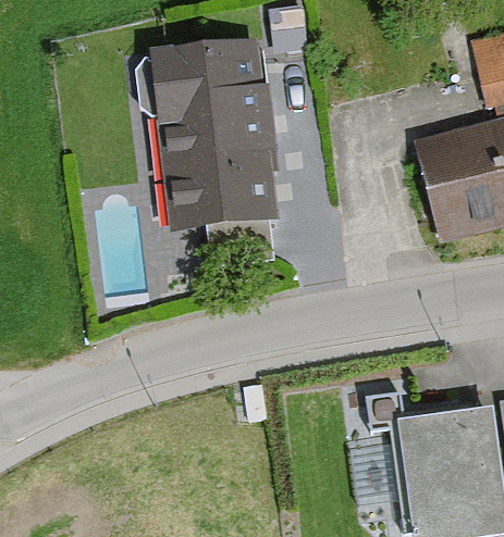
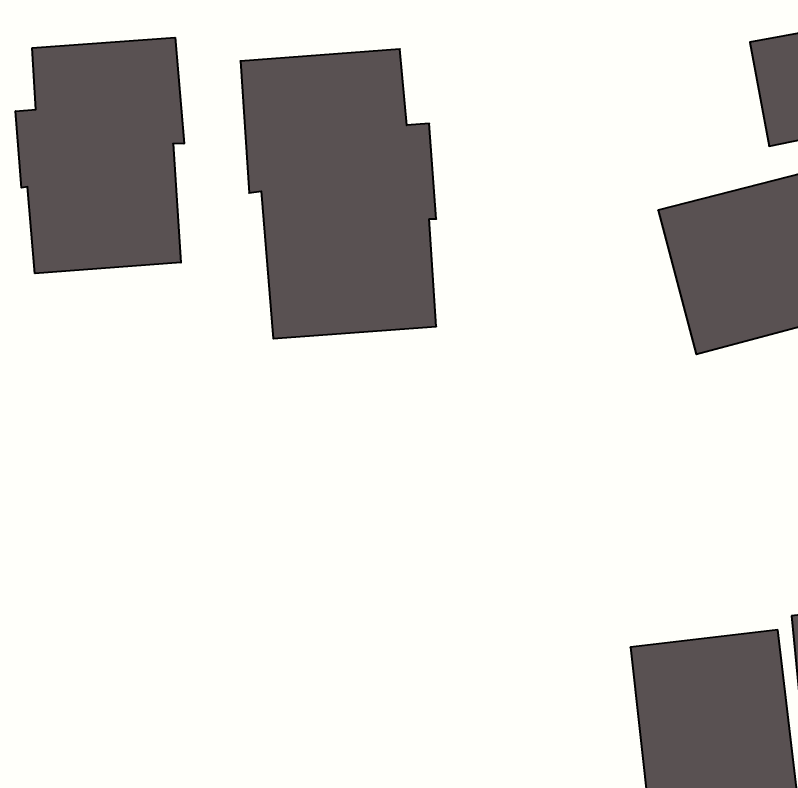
building: none -> [16,38,184,273]

